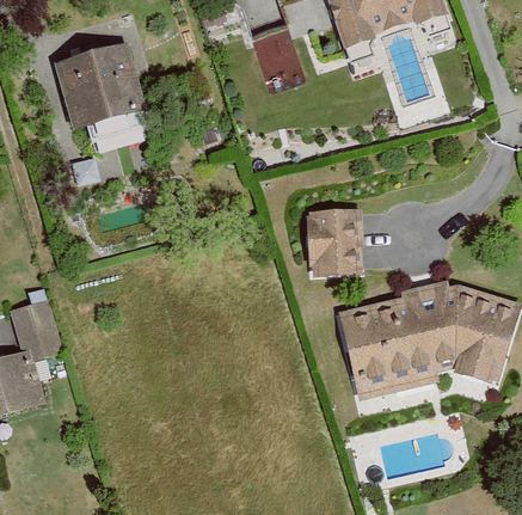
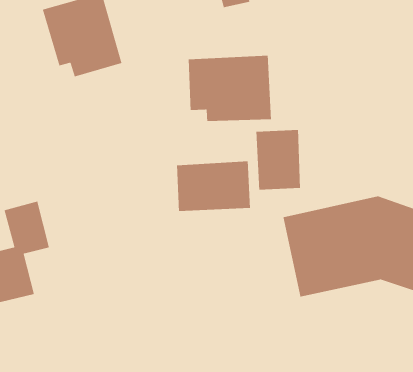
building: none -> [188,55,272,122]
building: none -> [176,161,251,212]

